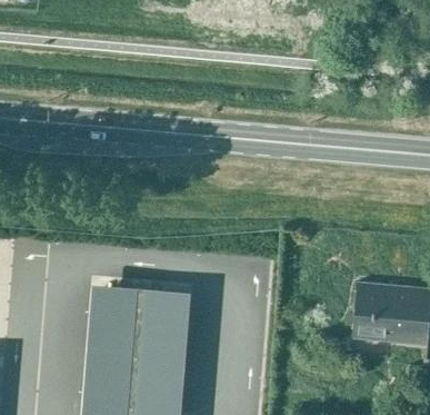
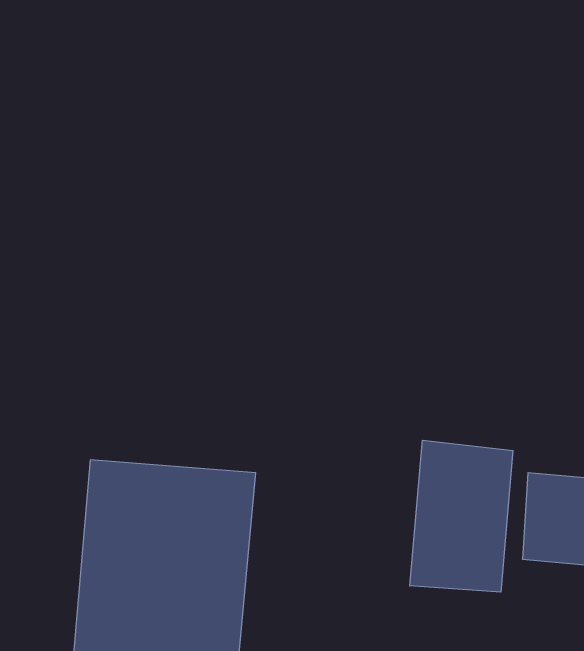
building: none -> [410,440,513,592]

